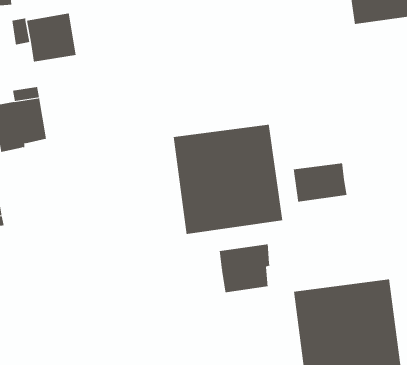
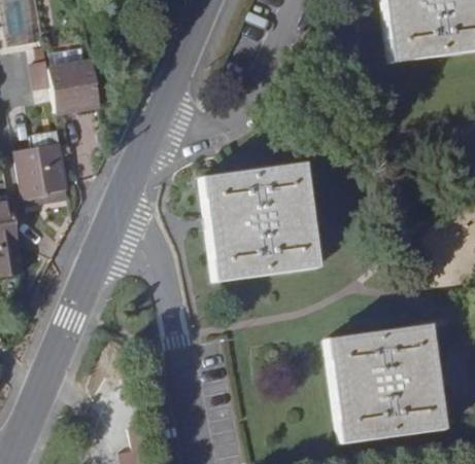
building: [293,163,347,203] -> none
building: [219,243,271,293] -> none

